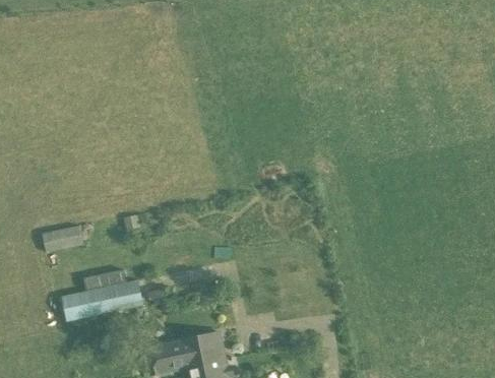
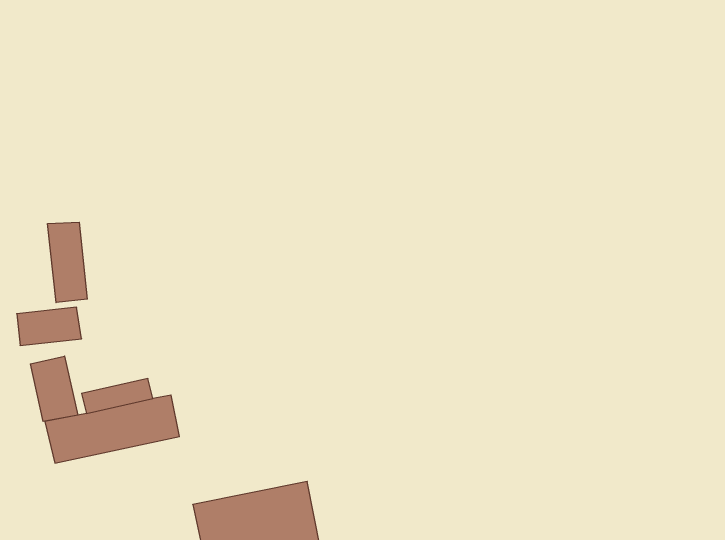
building: none -> [48,222,87,303]
building: none -> [30,356,78,421]

